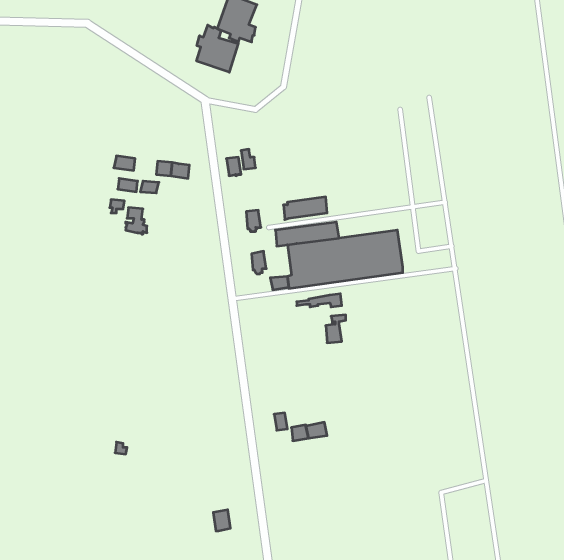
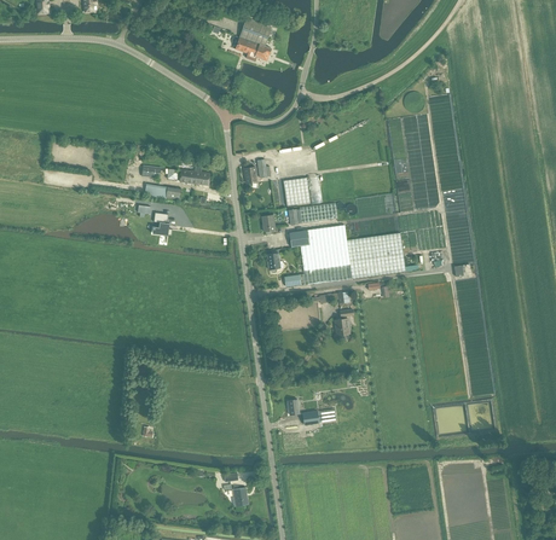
building: [197,25,238,72] -> none
building: none -> [282,176,308,205]

